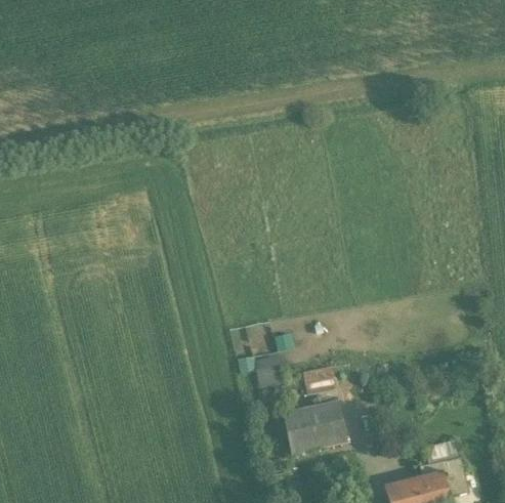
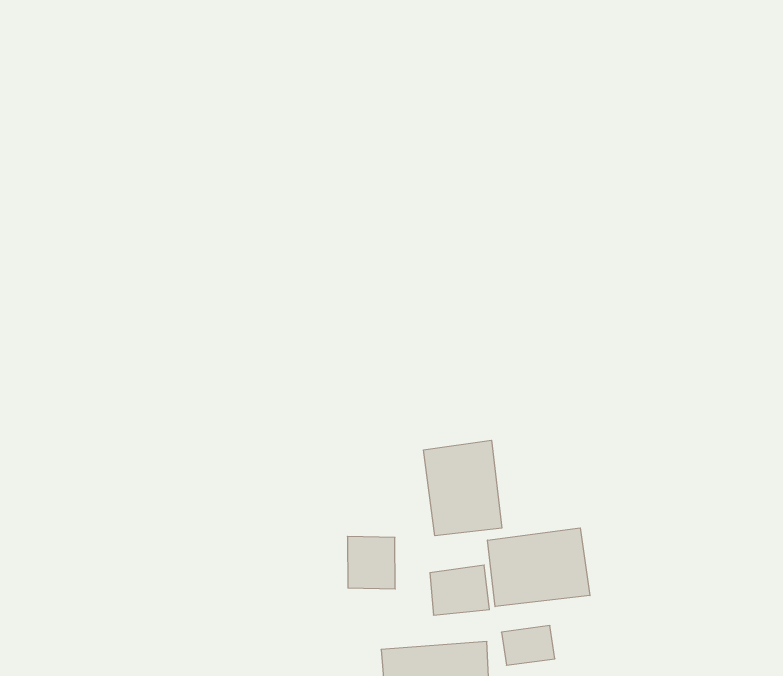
building: none -> [424,440,502,536]
building: none -> [488,528,590,607]

